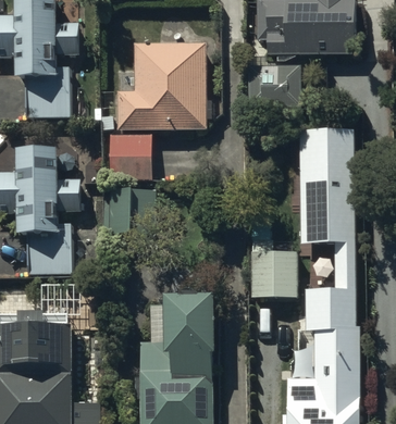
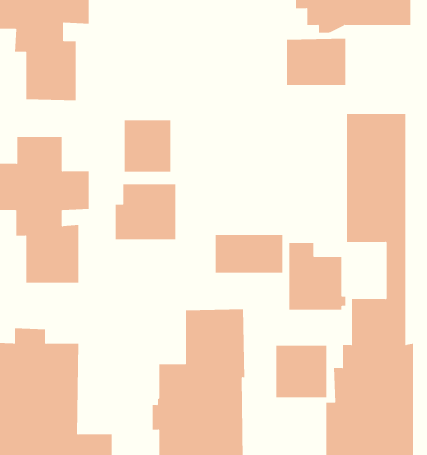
building: [116,42,206,129] -> none
building: none -> [215,234,283,274]
building: none -> [276,345,327,398]

